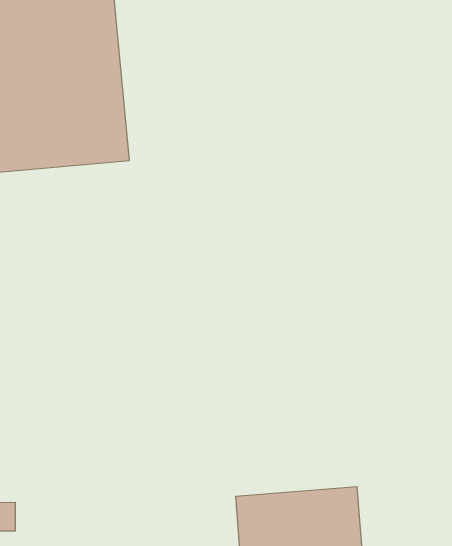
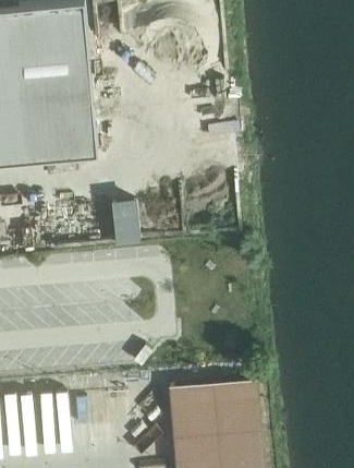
building: none -> [114,205,141,247]

